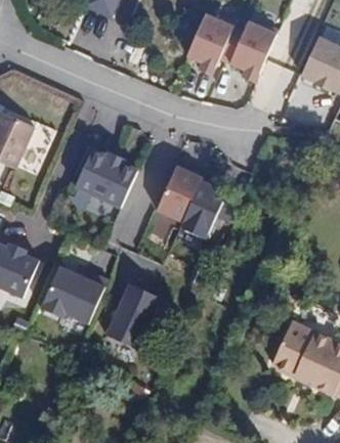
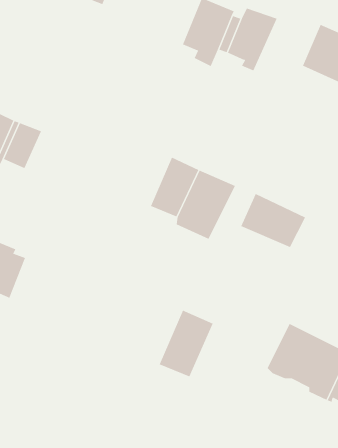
building: [75,149,136,206] -> none
building: none -> [240,193,306,248]
building: [39,265,102,322] -> none
building: [105,282,158,347] -> [159,310,213,377]

